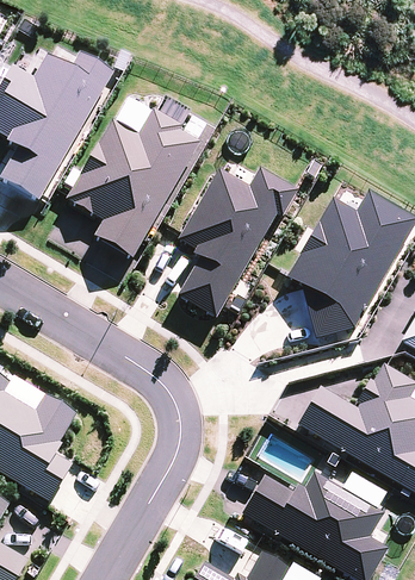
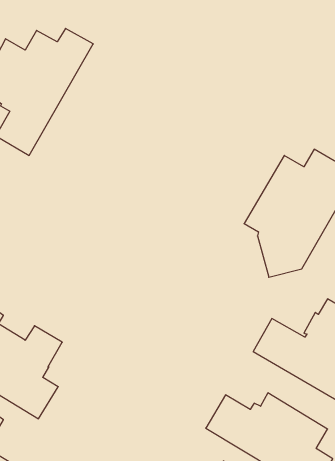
building: [64,107,200,256] -> none
building: [179,167,298,317] -> none

